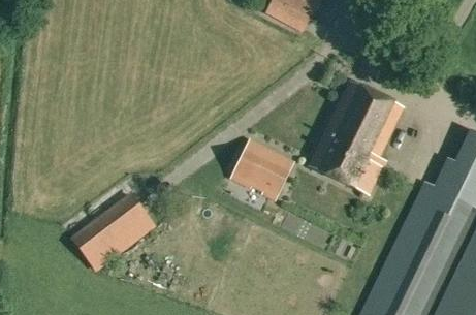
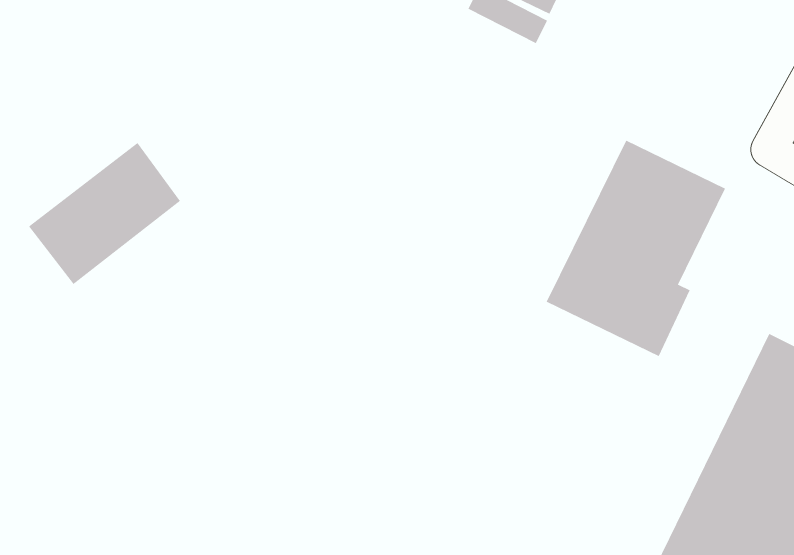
building: [230,139,293,199] -> none
building: [72,194,153,270] -> [28,142,181,285]

